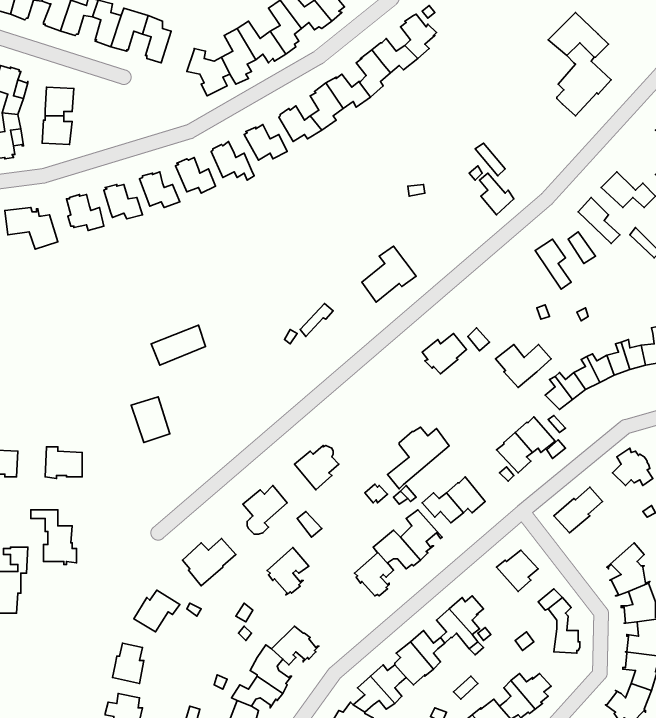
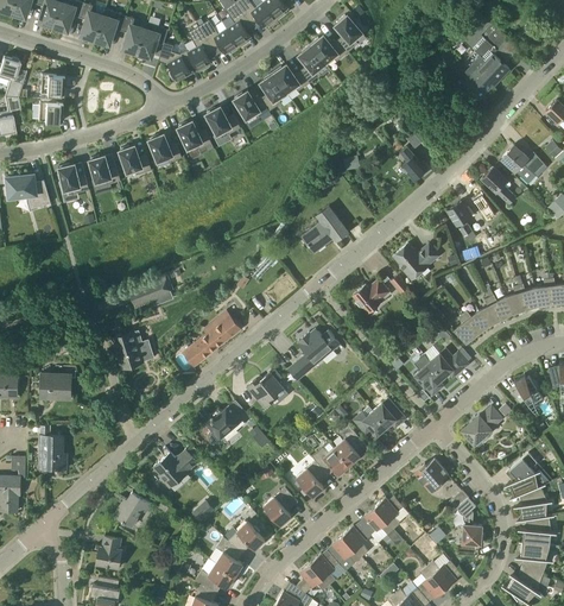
building: none -> [137,23,169,58]
building: [495,345,551,388] -> [393,244,439,279]
building: none -> [184,317,241,366]
building: [388,427,449,489] -> [289,329,340,380]
building: [267,547,309,595] -> [264,487,298,526]

